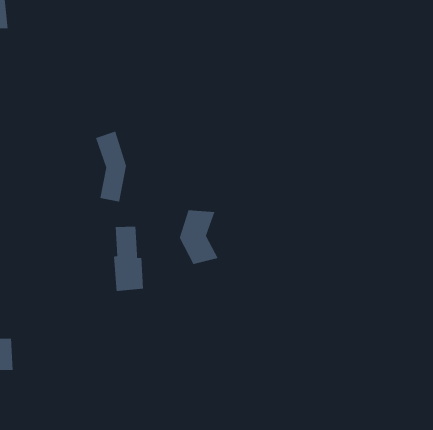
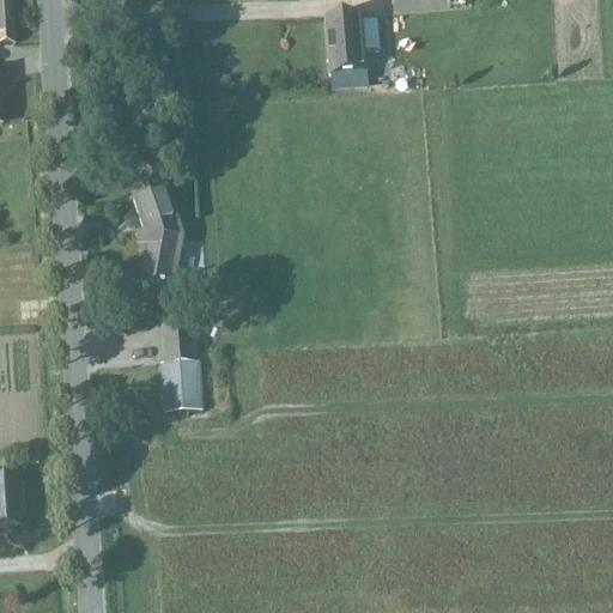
building: none -> [323,12,377,87]
building: [179,209,219,265] -> none

